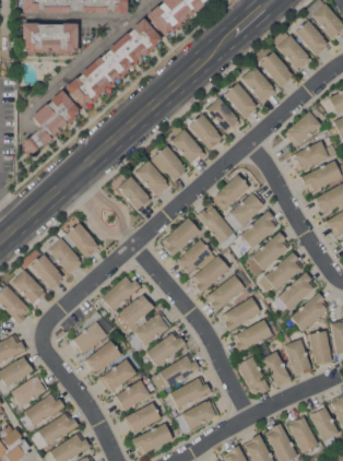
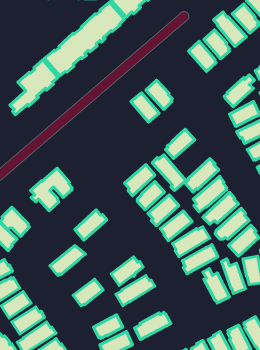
building: [23,23,78,55] -> none
building: [224,83,257,119] -> none
building: [205,98,240,135] -> none
building: [135,146,186,198] -> none
building: [118,177,152,213] -> none
building: [225,191,265,232] -> none
building: [31,255,63,291] -> none
building: [115,295,169,351] -> none
building: [85,341,121,373] -> none
building: [237,357,270,395] -> none
building: [165,377,211,413] -> none
building: [113,380,150,412] -> none

